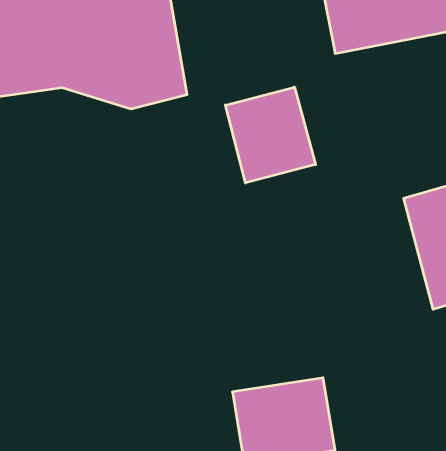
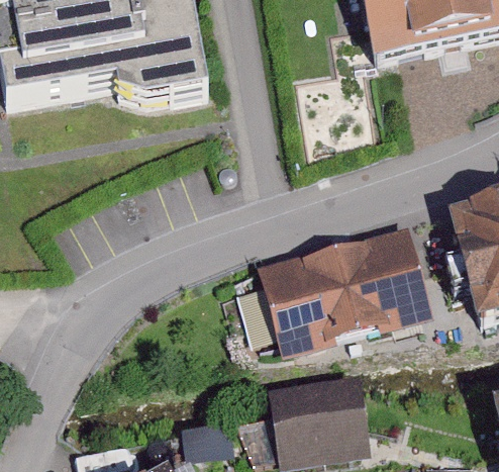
building: [225,87,316,183] -> none
building: none -> [253,222,427,352]

